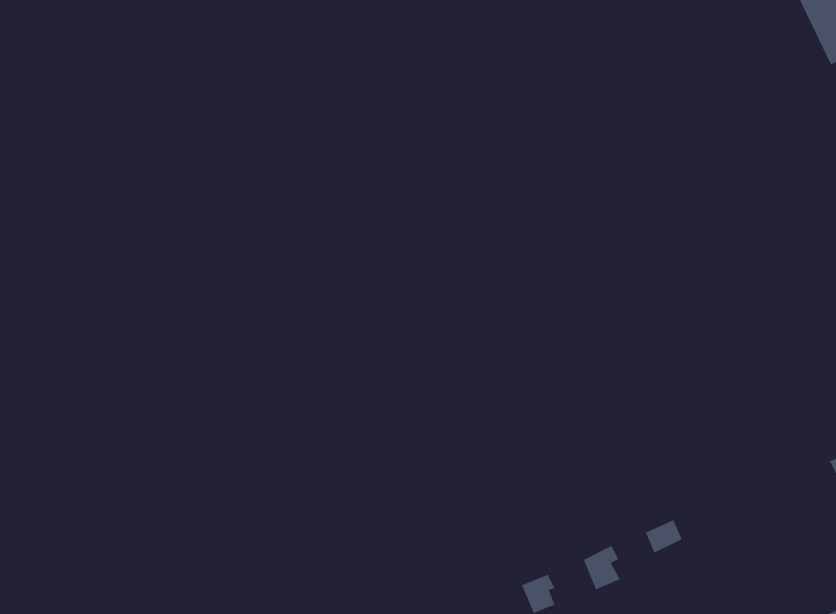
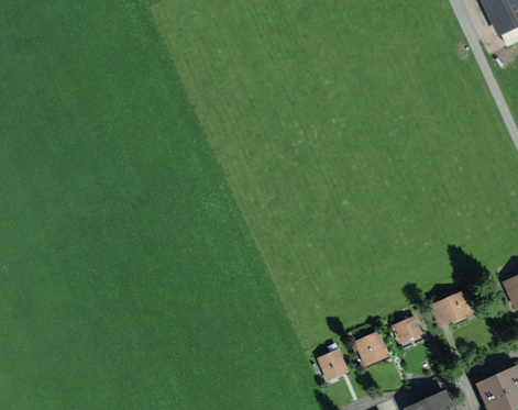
building: none -> [431,292,470,322]

